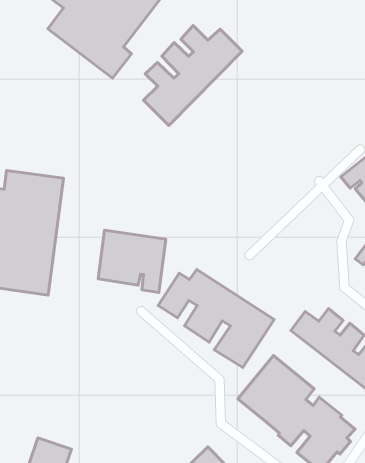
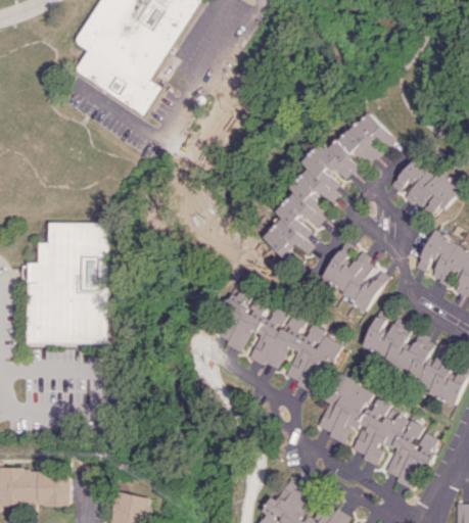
building: [143,26,242,125] -> none
building: none -> [255,120,398,259]
building: none -> [320,245,389,311]
building: [98,230,166,293] -> none

